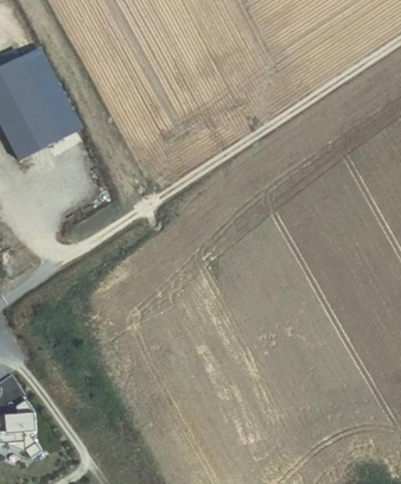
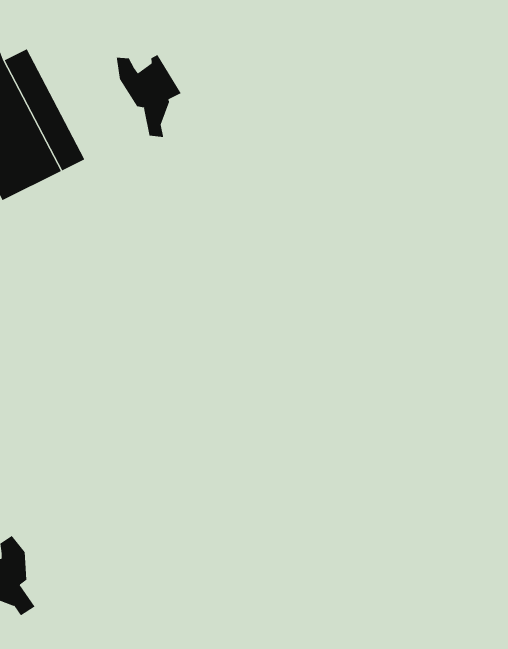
building: none -> [116,54,181,138]

